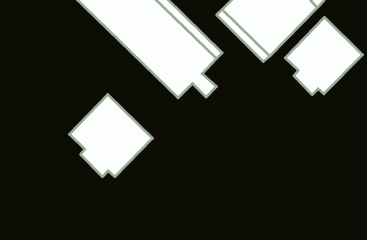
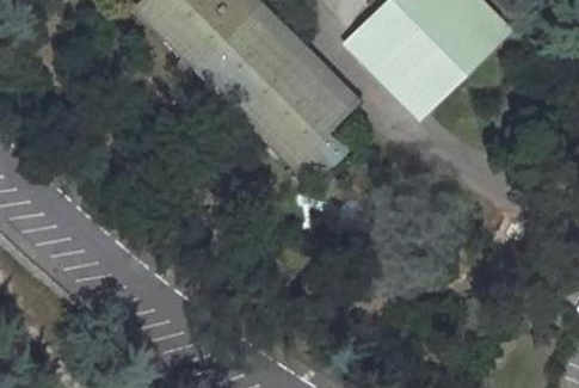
building: [285,17,363,95] -> none
building: [69,94,153,177] -> none

